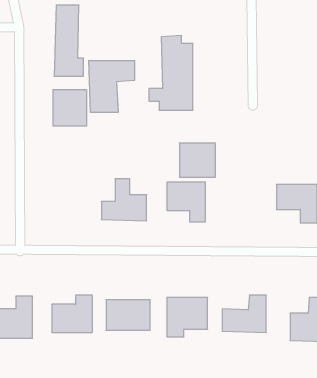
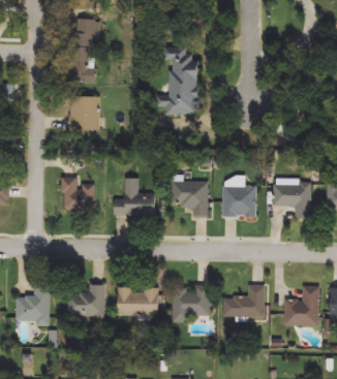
building: [89,60,135,112] -> none
building: [179,143,215,177] -> [222,185,255,216]
building: none -> [62,176,94,212]

